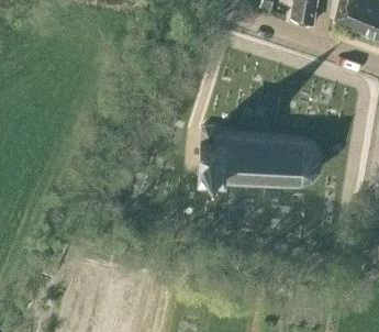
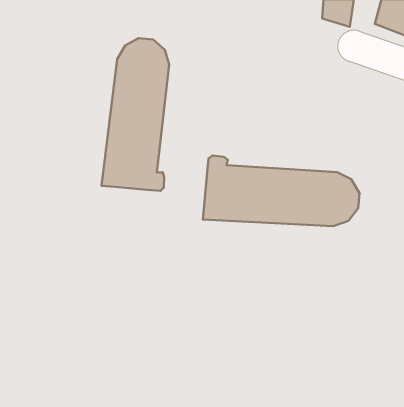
building: none -> [102,38,169,191]

